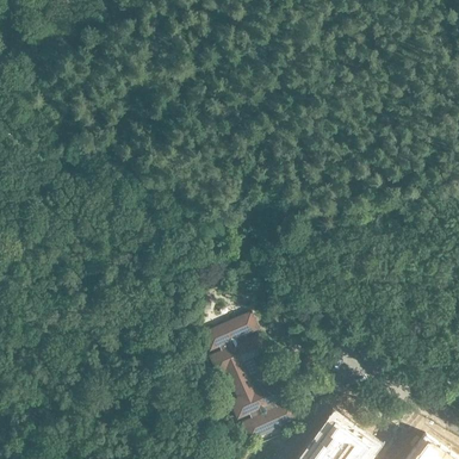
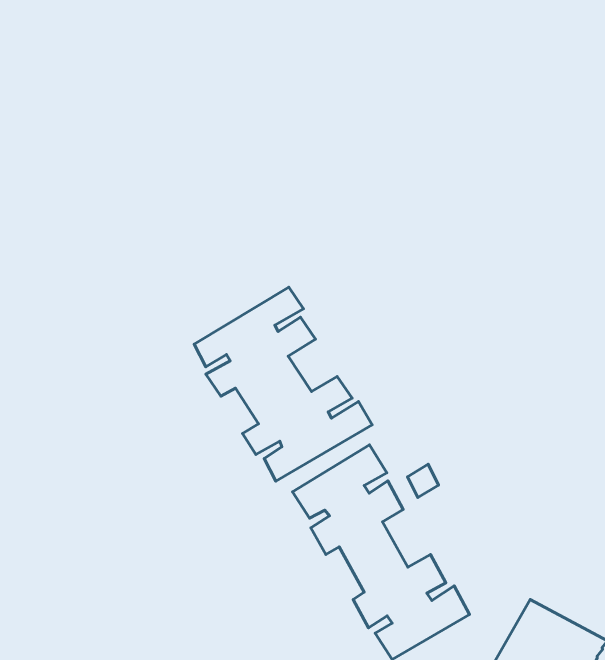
building: none -> [194,287,372,481]

